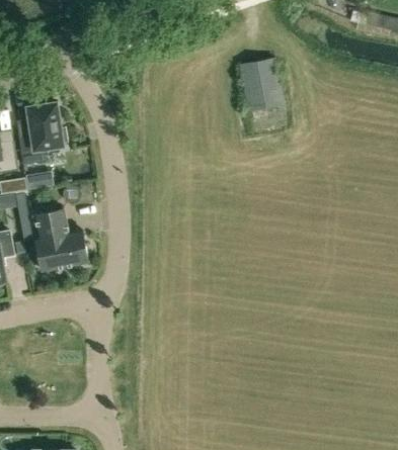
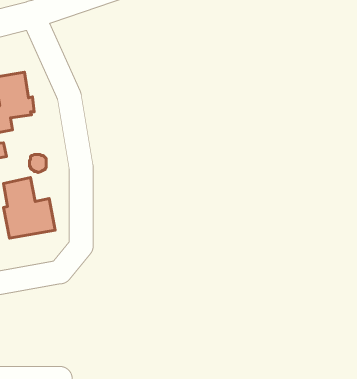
building: [239,59,284,111] -> none

